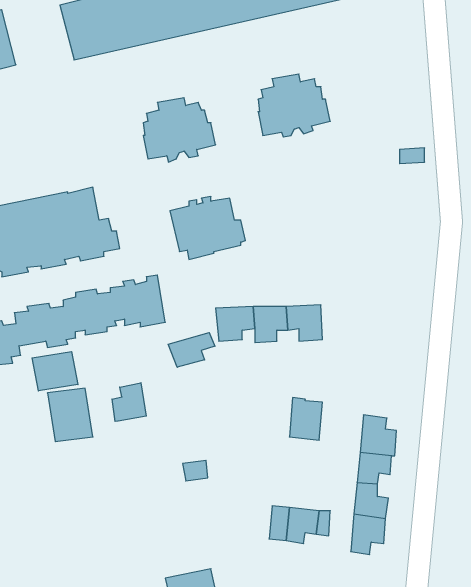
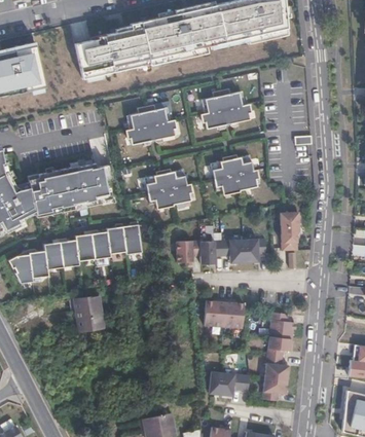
building: none -> [211,154,260,195]
building: none -> [281,213,299,252]
building: none -> [244,239,265,262]
building: [168,333,215,367] -> none
building: [32,352,78,391] -> none
building: [112,383,146,421] -> none
building: none -> [204,299,225,326]

